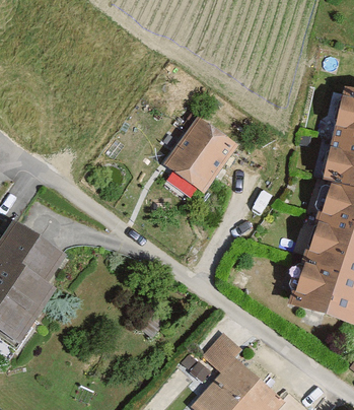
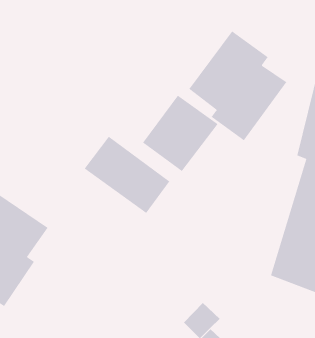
building: none -> [189,31,287,141]
building: none -> [84,136,170,214]

